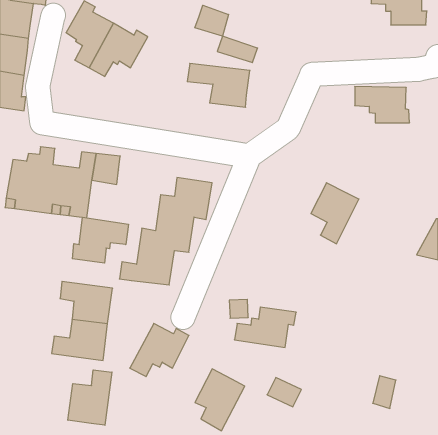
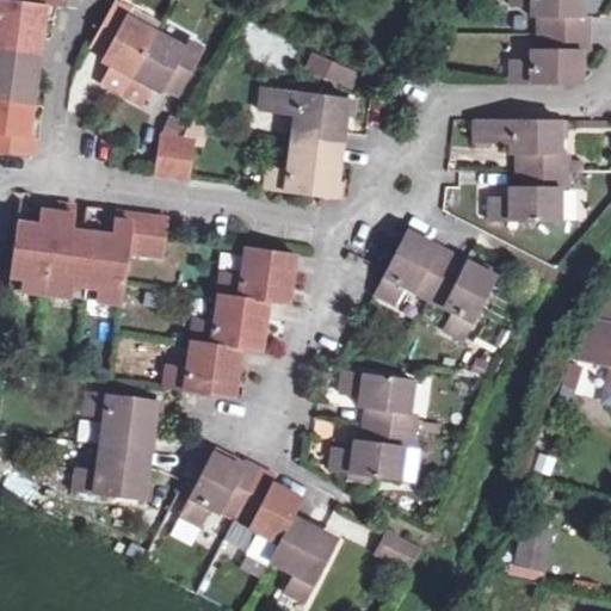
building: [195,5,229,36] -> none
building: none -> [513,35,592,84]
building: none -> [153,136,193,179]
building: none -> [265,143,341,199]
building: none -> [490,171,569,222]
building: none -> [375,230,453,302]
building: [72,217,128,263] -> none
building: none -> [337,374,413,434]
building: none -> [240,467,303,560]
building: [68,370,112,425] -> none

